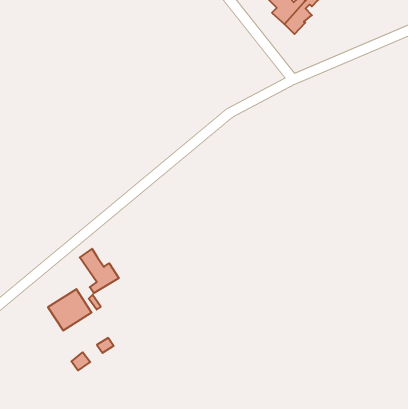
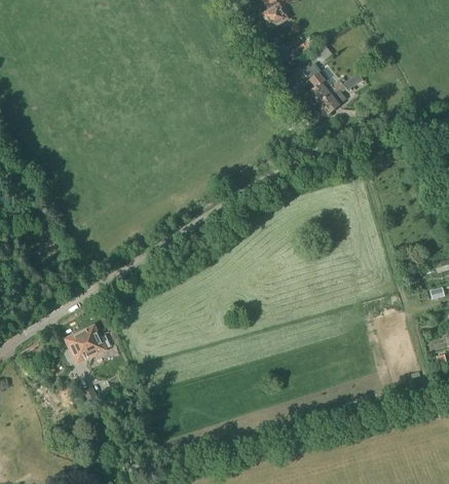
building: [80,249,119,293] -> none

